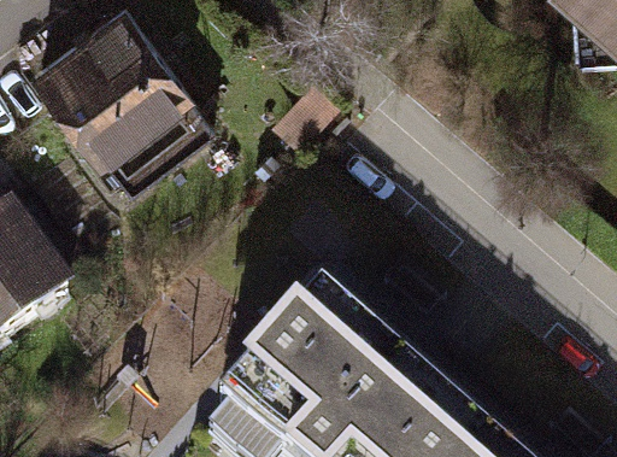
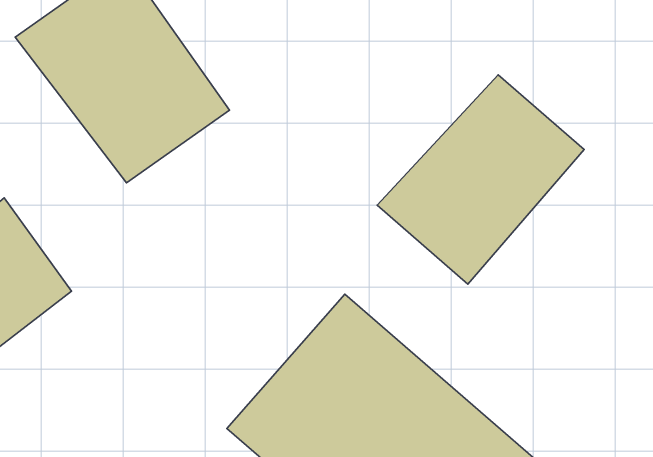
building: none -> [377,75,584,284]

